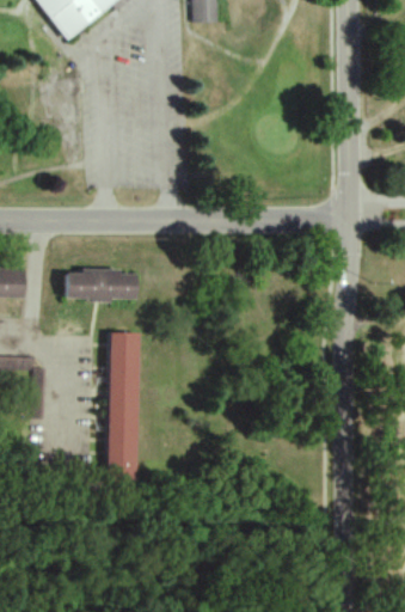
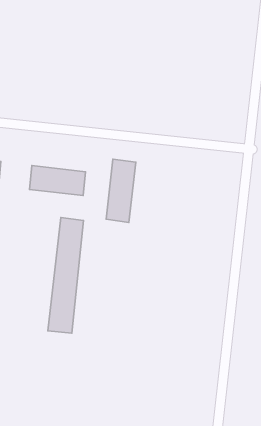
building: none -> [106,159,136,222]

